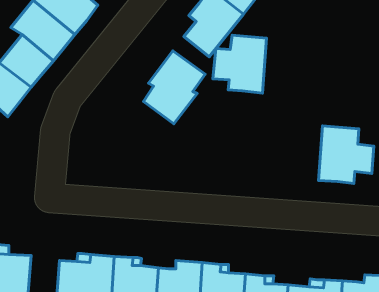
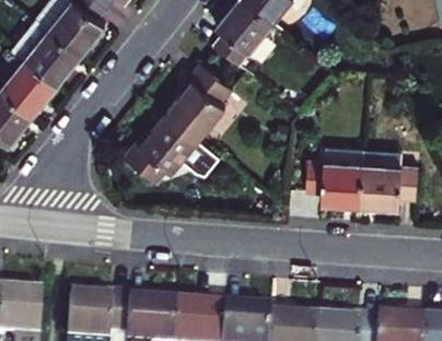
building: [213,35,267,93] -> [301,143,359,205]
building: none -> [119,120,198,191]

